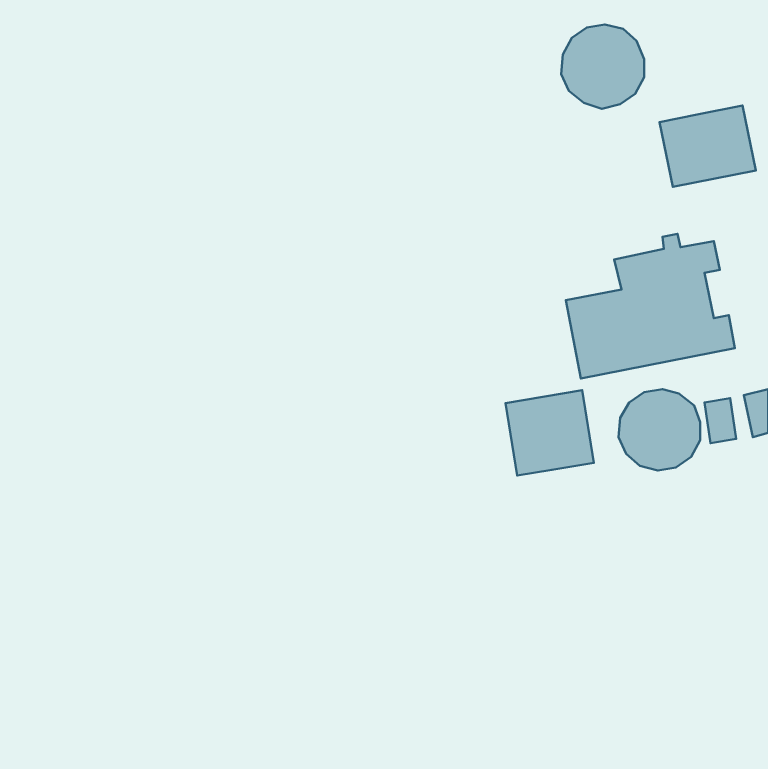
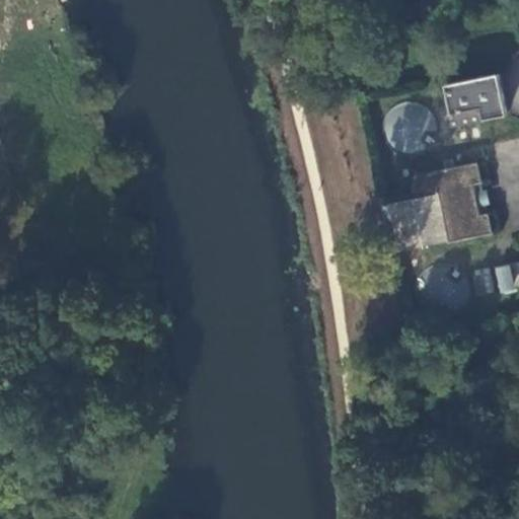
building: [561,24,644,109] -> [382,100,438,157]
building: [506,390,594,476] -> none

